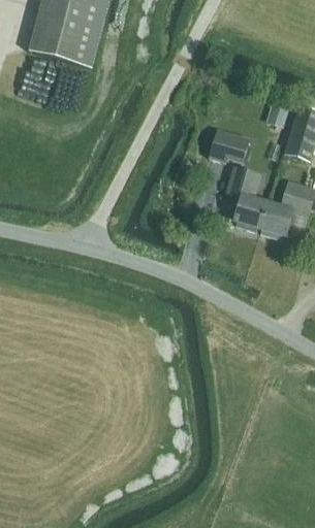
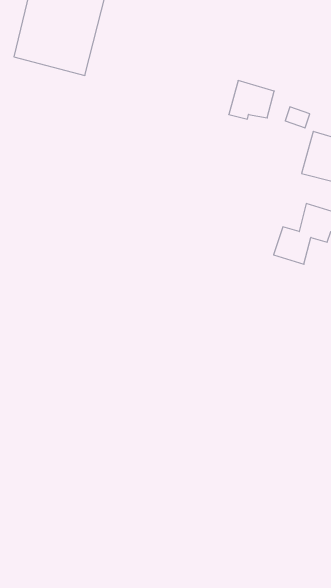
building: [209,128,249,162] -> [229,81,274,119]
building: [226,165,267,226] -> none

